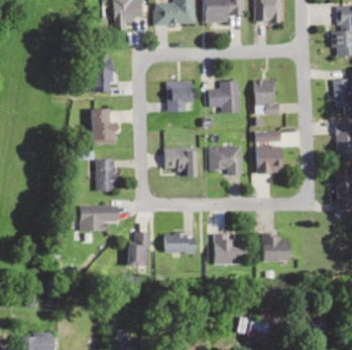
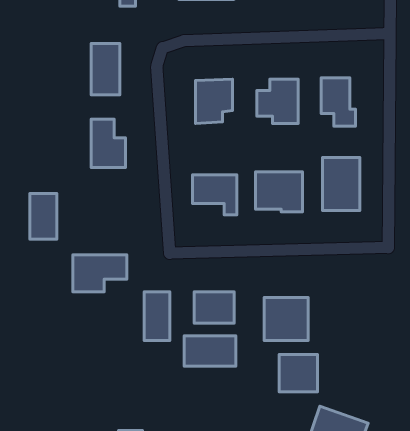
building: [96,159,115,192] -> [30,193,57,239]
building: [262,235,289,261] -> [279,355,318,392]
building: none -> [184,336,236,366]

